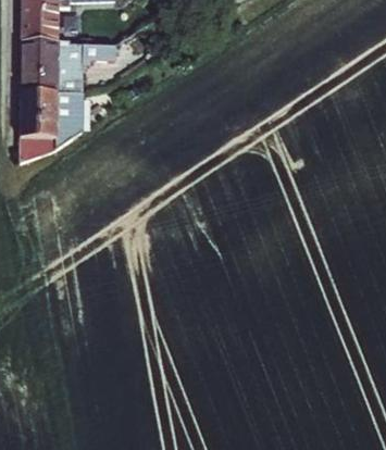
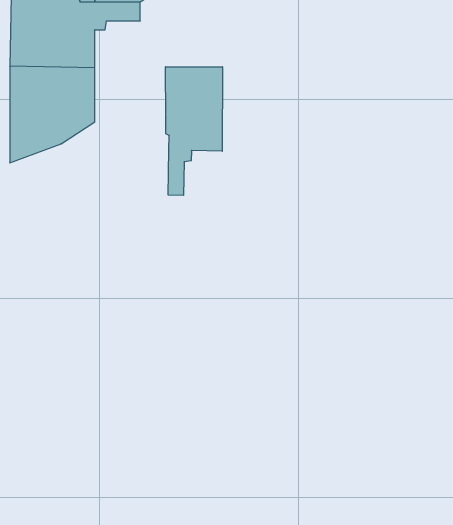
building: none -> [166,67,222,195]

